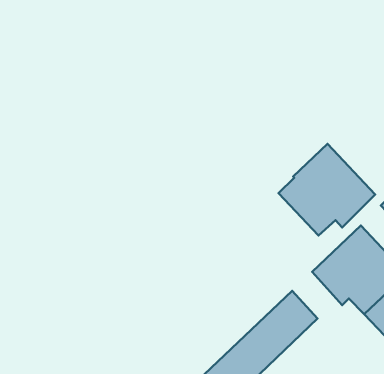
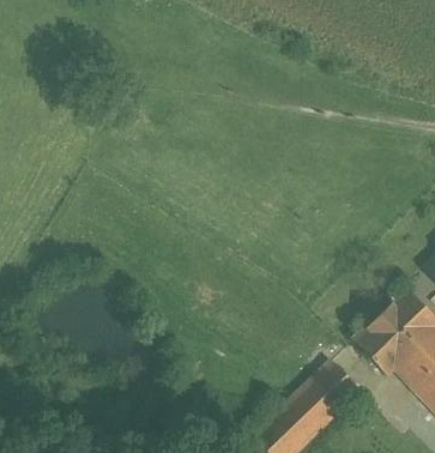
building: [278,144,375,235] -> none

